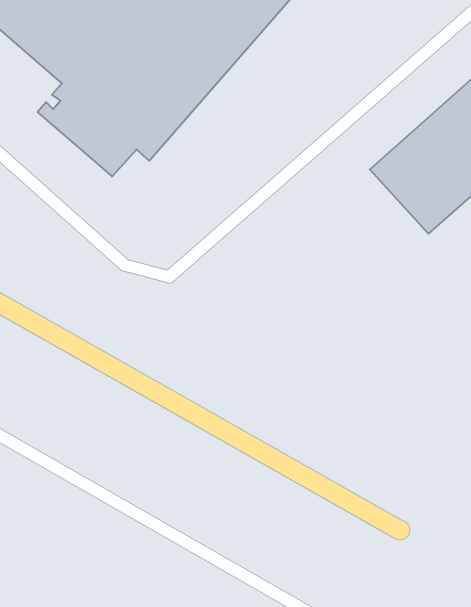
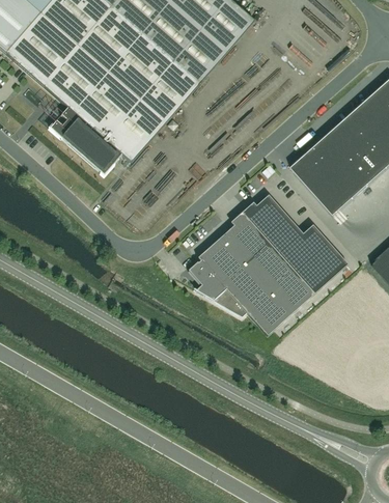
building: none -> [187,192,346,333]

